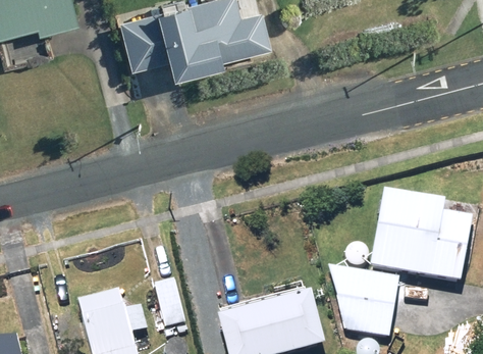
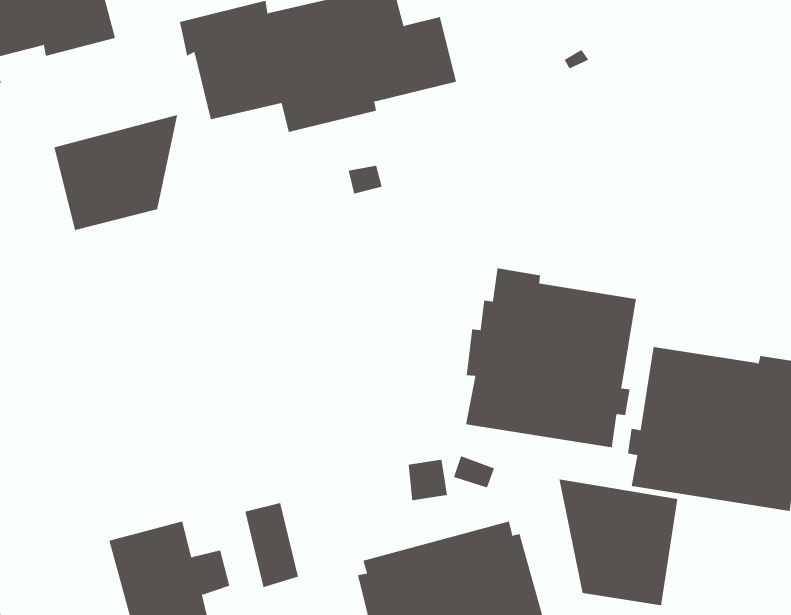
building: none -> [54,114,178,231]
building: none -> [465,268,636,448]

